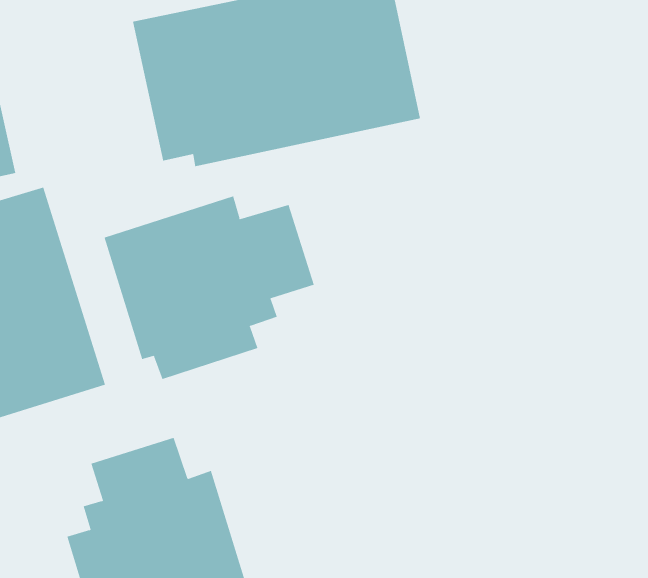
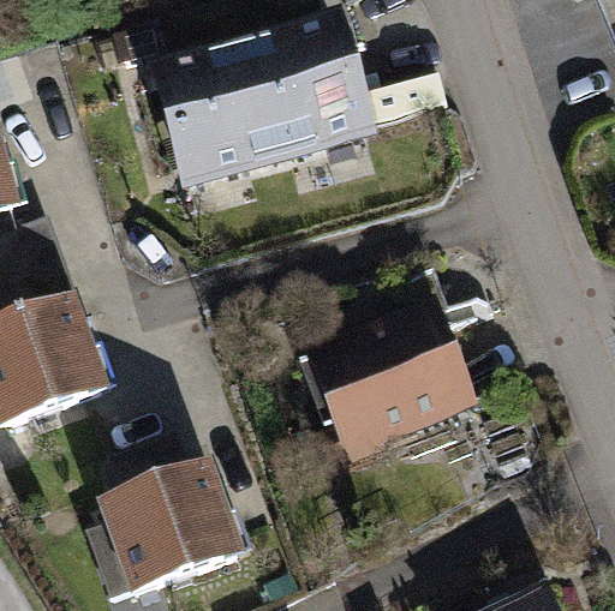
building: [104,196,314,380] -> none
building: none -> [309,300,480,459]

